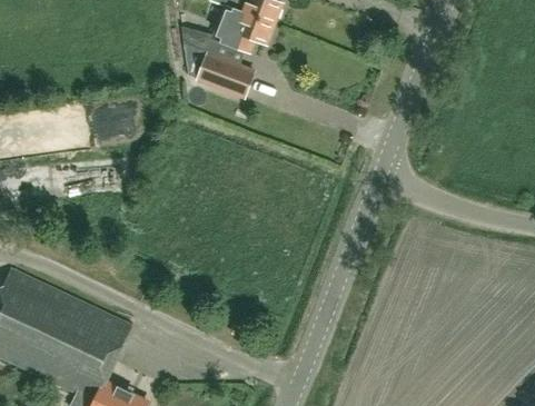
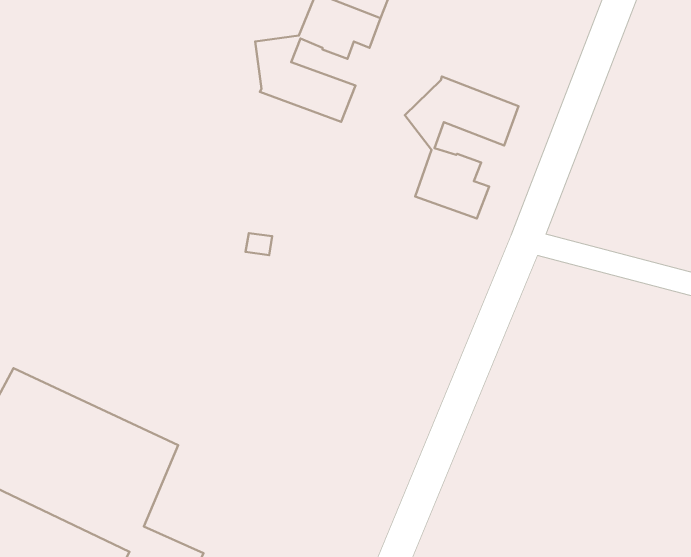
building: none -> [405,76,519,219]

